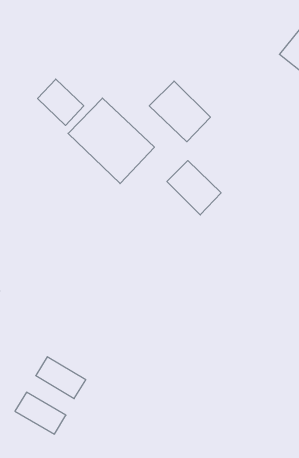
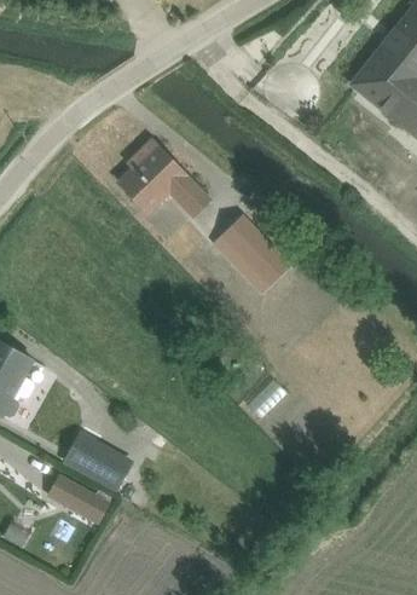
building: [38,79,84,125] -> none
building: [149,81,210,142] -> none

